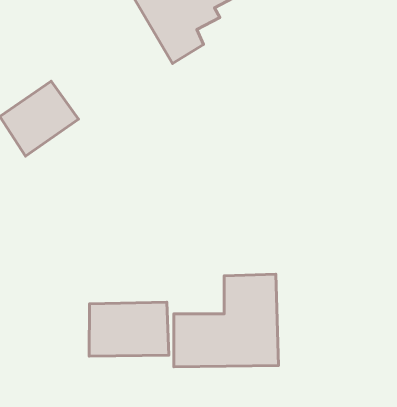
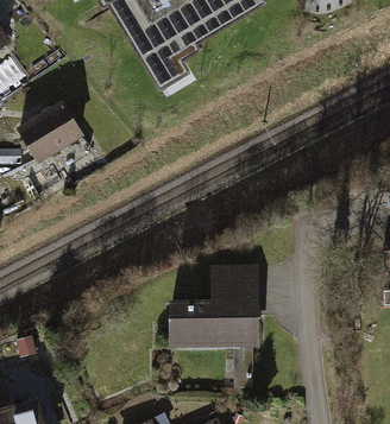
building: [89,302,169,356] -> none

